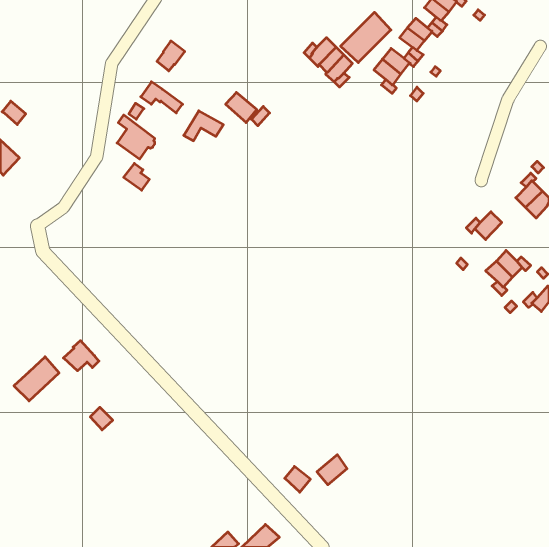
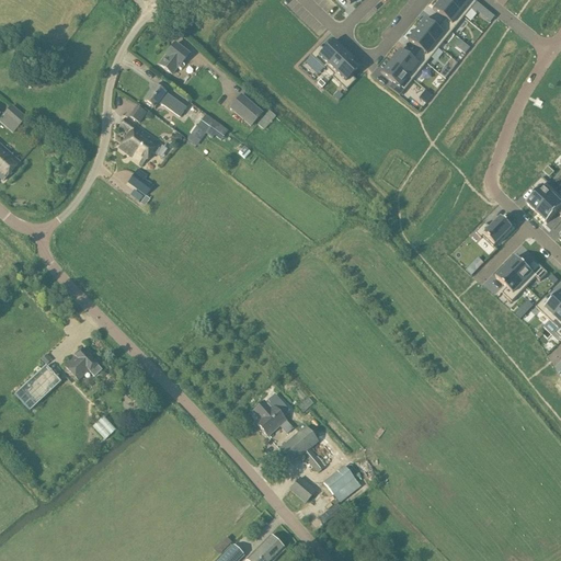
building: [341,12,391,63] -> none
building: none -> [253,400,286,435]
building: none -> [279,425,325,471]

